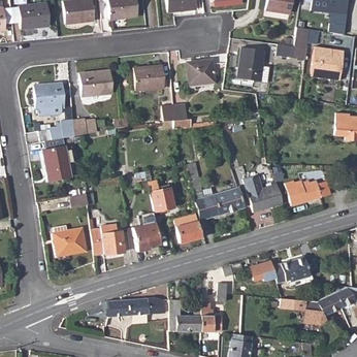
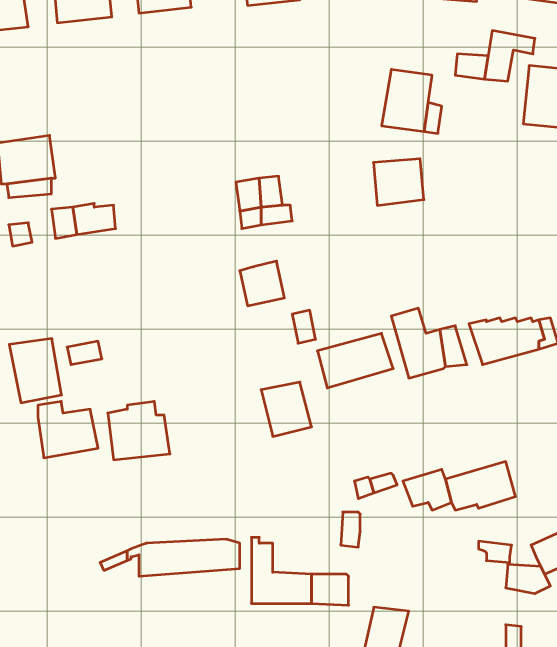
building: [187,60,214,85] -> [373,159,424,205]
building: [131,66,162,91] -> none
building: [80,71,112,96] -> none
building: [42,147,70,181] -> [9,339,62,403]
building: [152,187,175,210] -> [240,261,284,306]
building: [134,222,160,248] -> none

